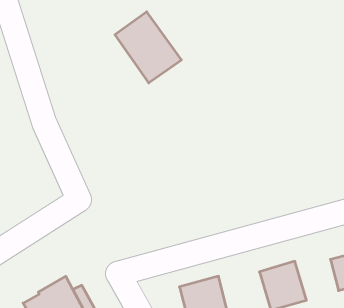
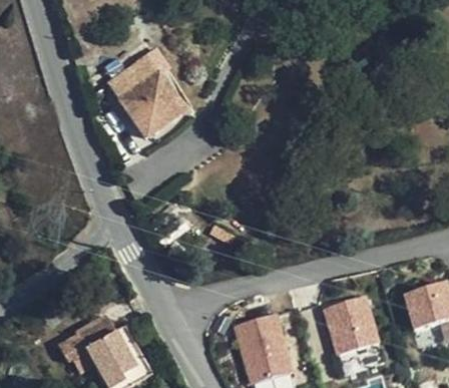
building: [115,12,181,83] -> [110,59,185,139]

